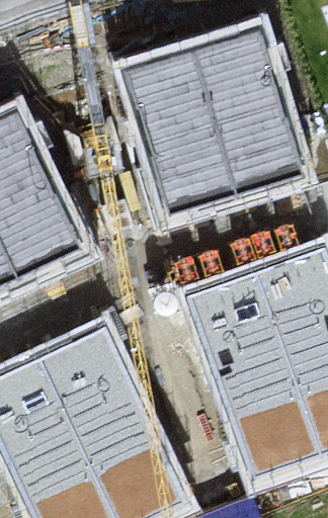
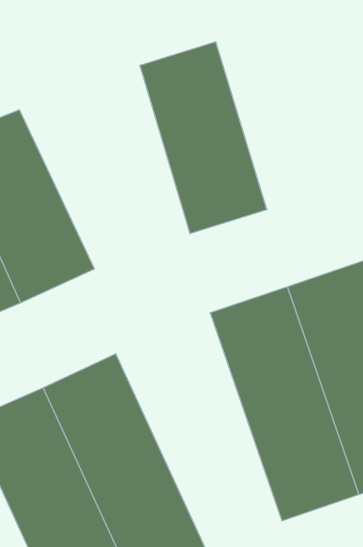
building: [193,25,308,195] -> none

